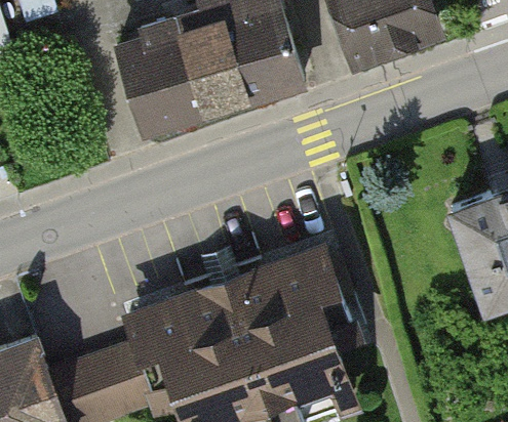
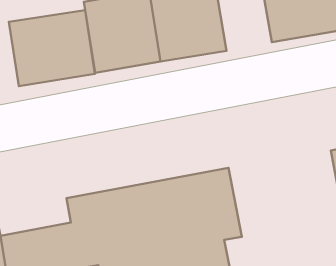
building: none -> [9,10,95,86]

